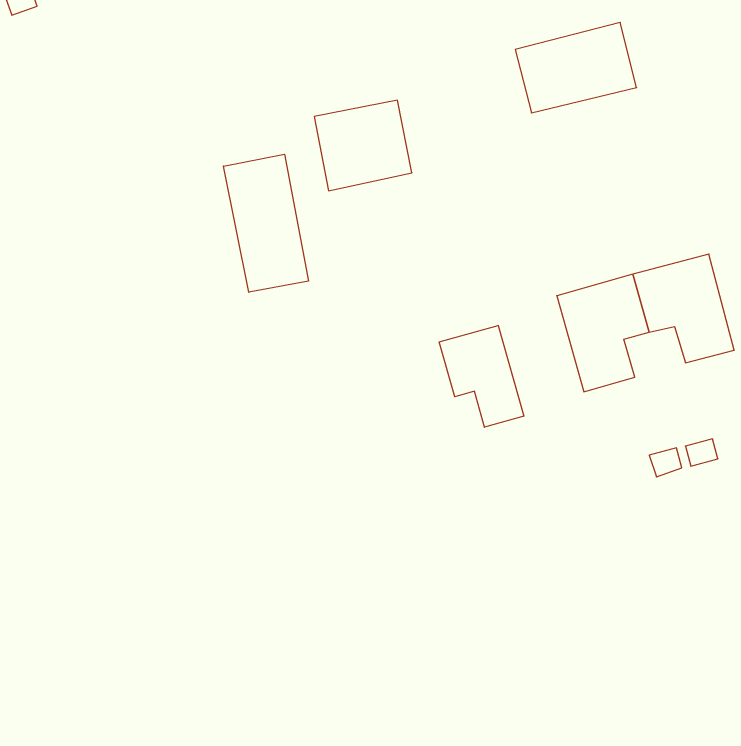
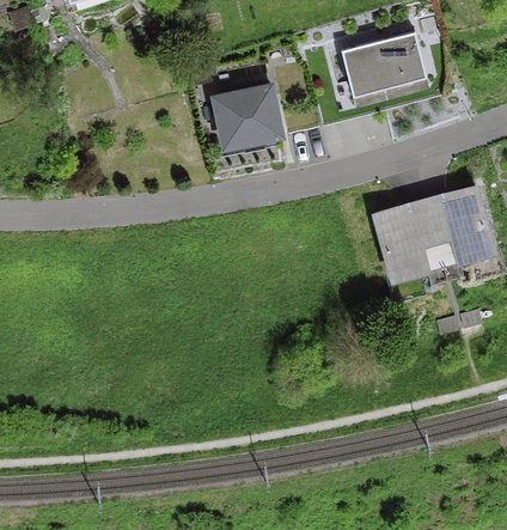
building: [223,154,308,292] -> none
building: [439,325,524,427] -> none

